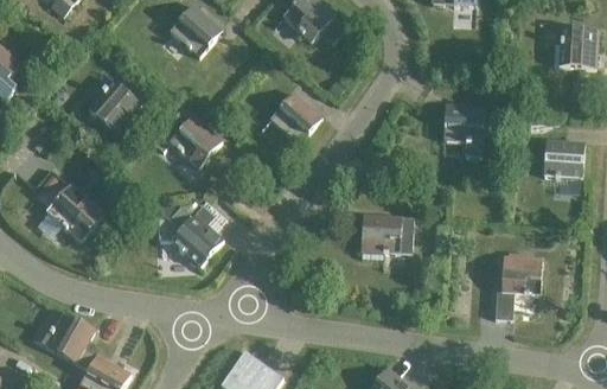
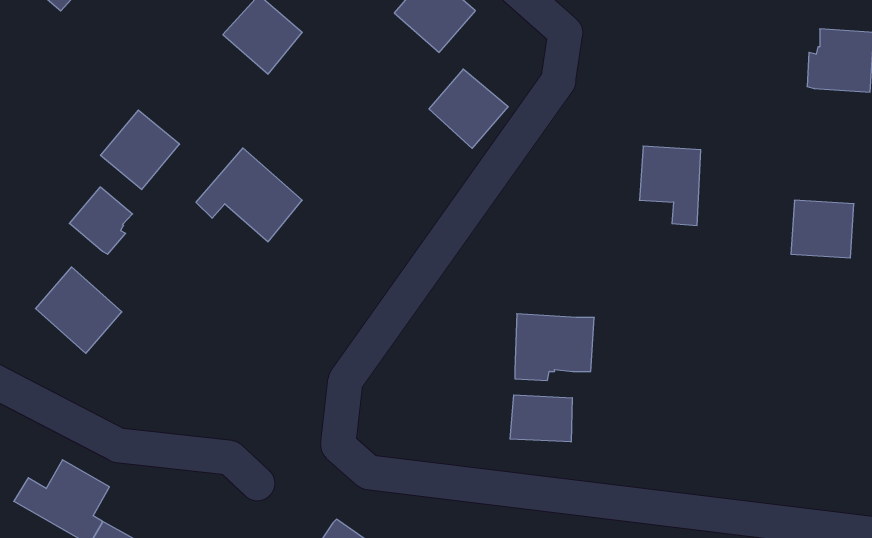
building: [270,91,322,144] -> [429,69,508,148]
building: none -> [69,187,133,254]
building: [158,205,224,266] -> none
building: [494,255,542,319] -> none
building: none -> [510,395,572,442]

